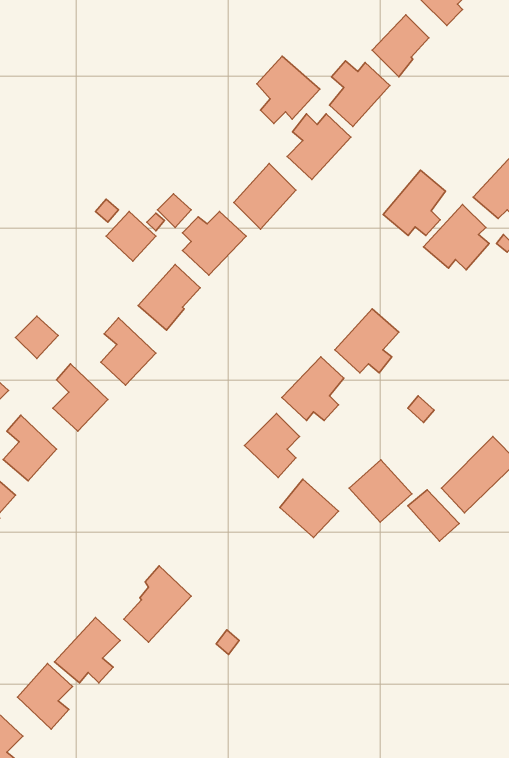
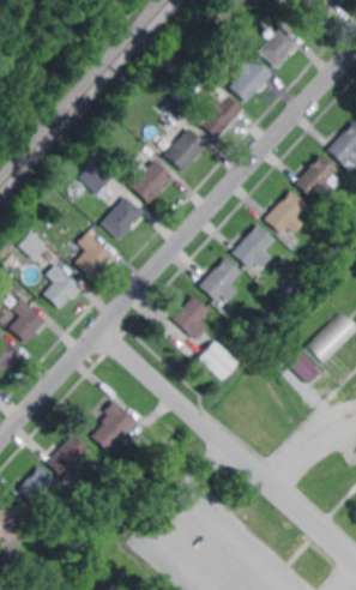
building: [257,56,320,123] -> none
building: [383,170,445,236] -> [265,189,307,234]
building: [349,460,412,522] -> none

